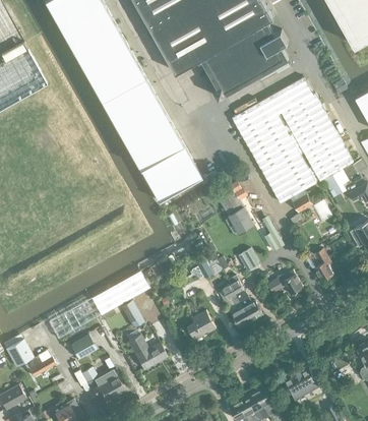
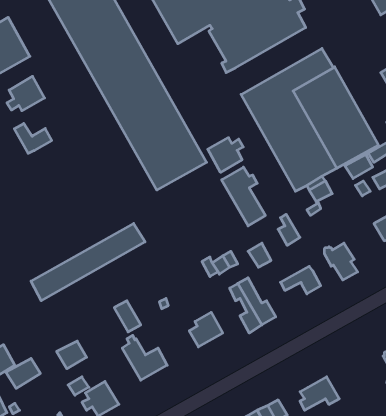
building: none -> [7,76,45,111]
building: none -> [14,123,52,153]
building: none -> [208,138,243,172]
building: [48,272,148,340] -> [31,223,145,301]

